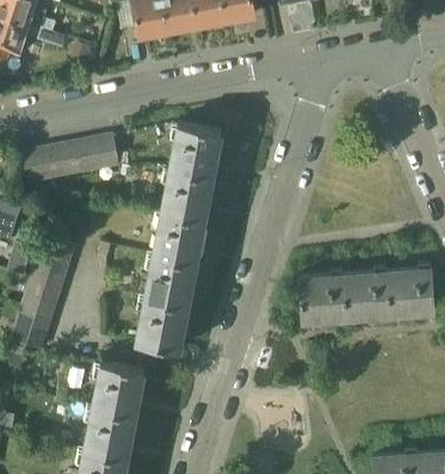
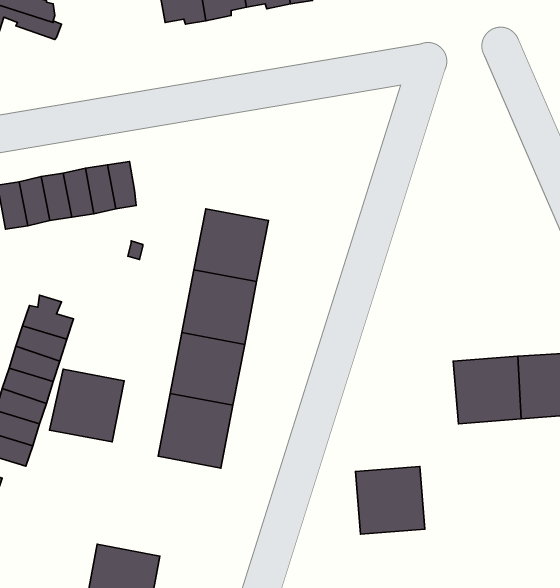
building: [169,123,222,176] -> none
building: [298,275,347,322] -> [355,467,425,534]
building: [93,361,146,412] -> [49,369,124,442]

